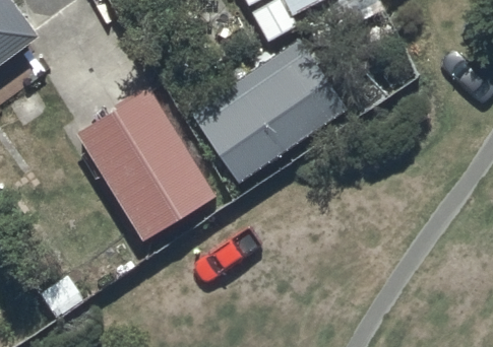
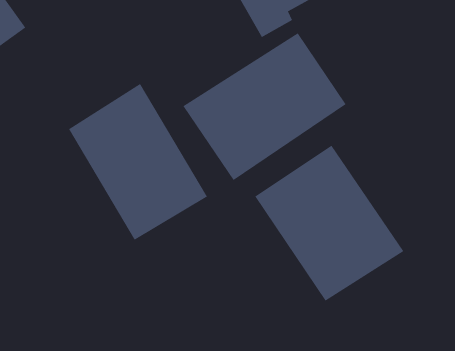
building: none -> [255,145,404,301]

